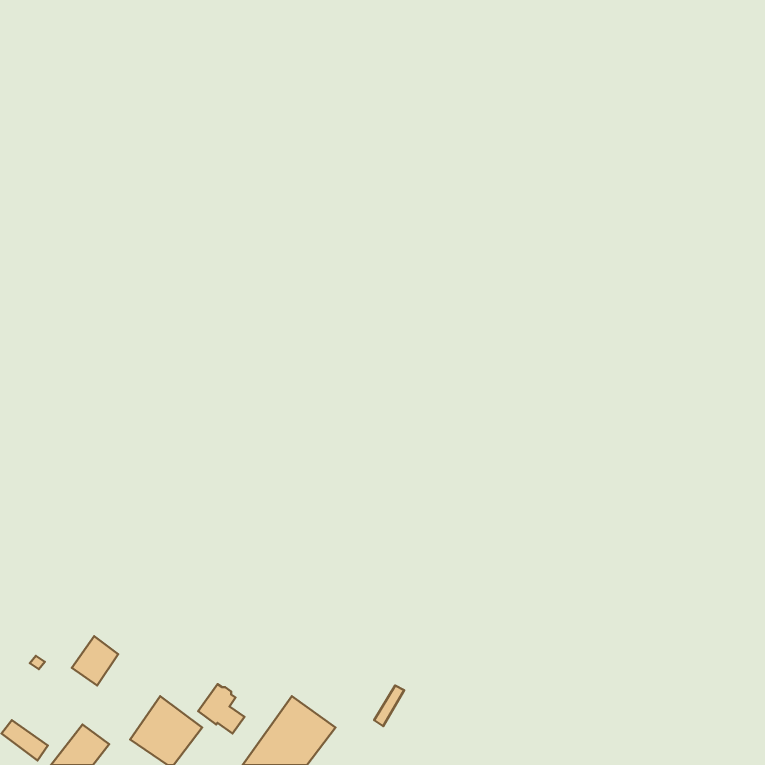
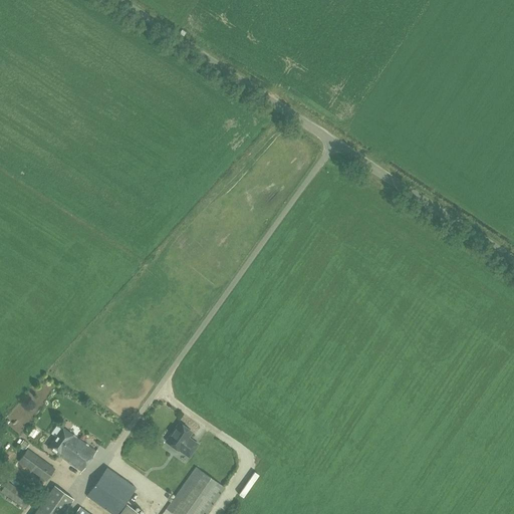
building: none -> [65,439,96,472]
building: none -> [18,449,55,481]
building: [198,684,245,733] -> [167,423,198,456]

